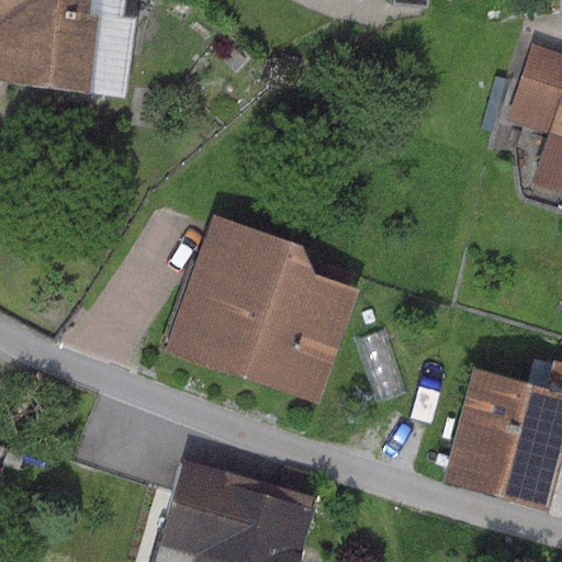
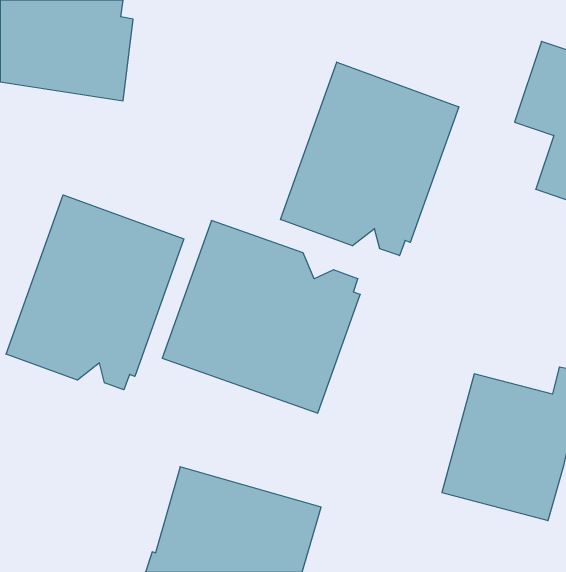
building: none -> [281,62,459,256]
building: none -> [6,195,184,390]

